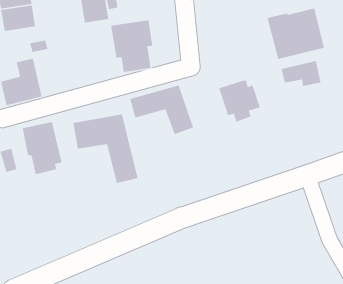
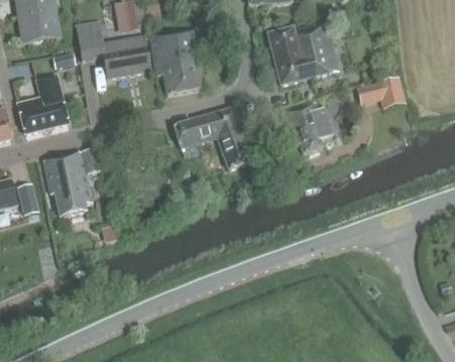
building: [267,7,325,60] -> [266,21,337,85]
building: none -> [75,19,149,78]
building: [73,114,139,184] -> none

